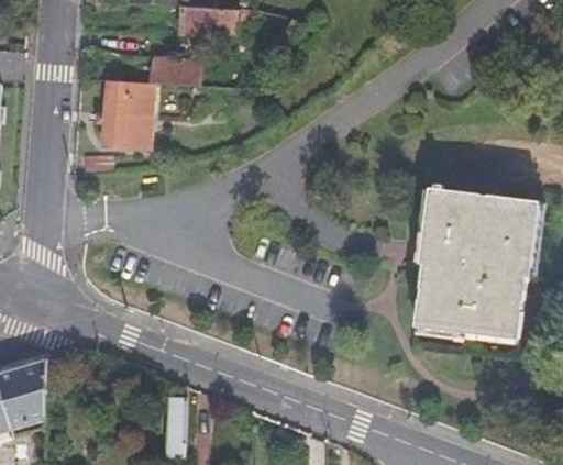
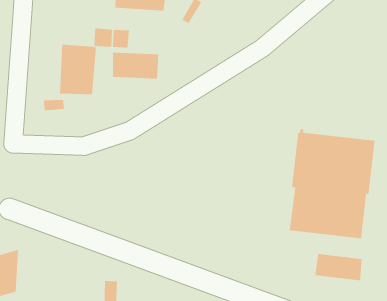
building: none -> [112,52,159,79]
building: none -> [315,253,362,281]

